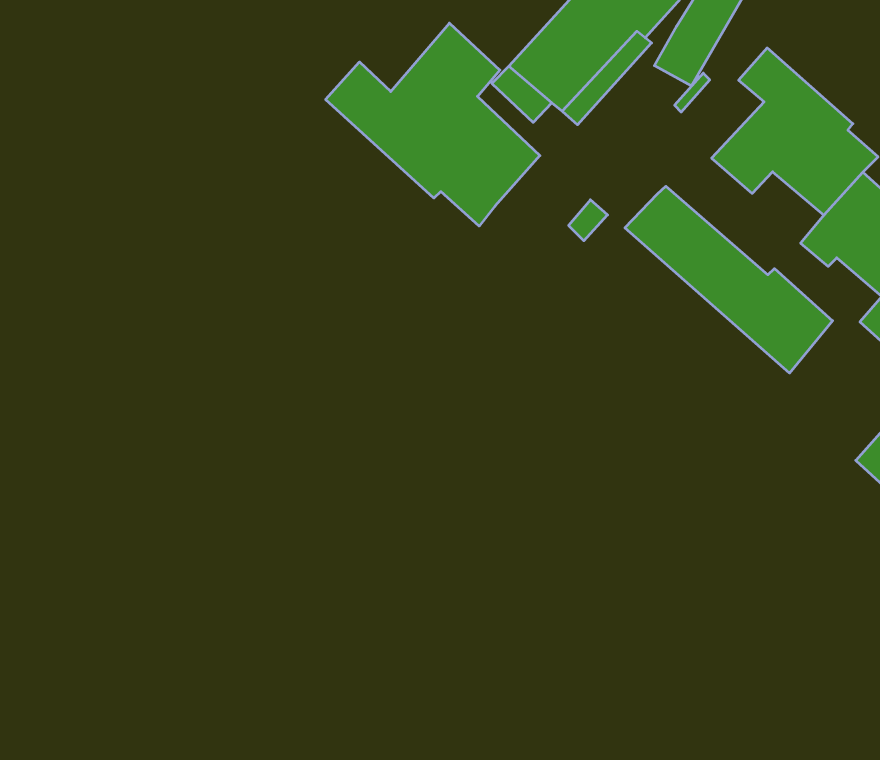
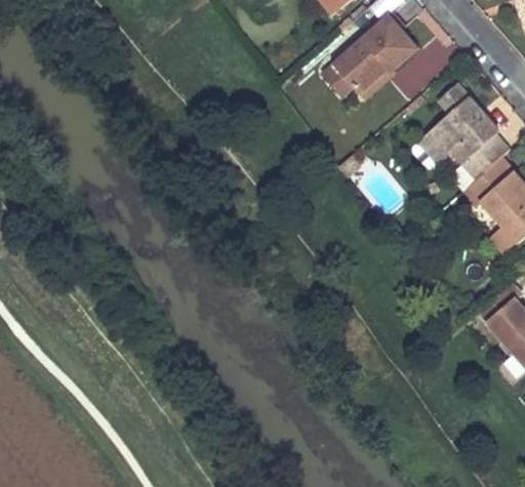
building: [326,23,540,226] -> none
building: [625,186,833,373] -> none

